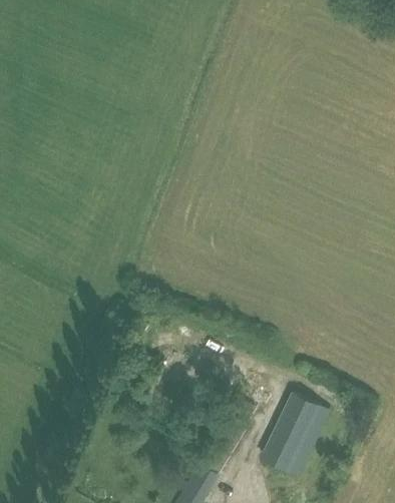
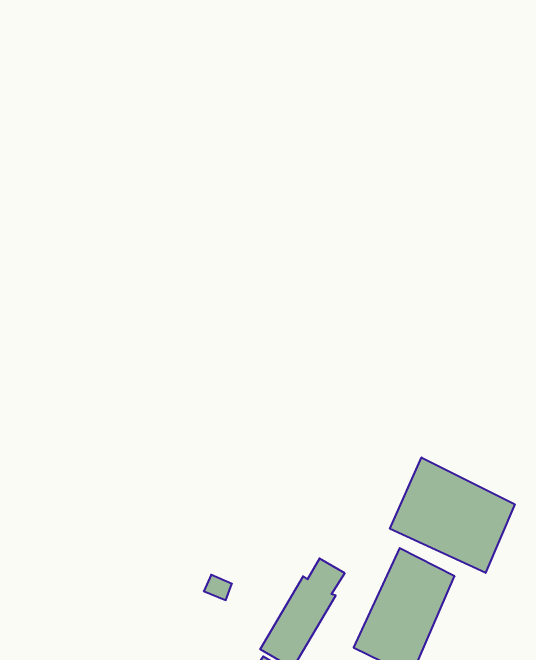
building: none -> [390,457,515,573]

